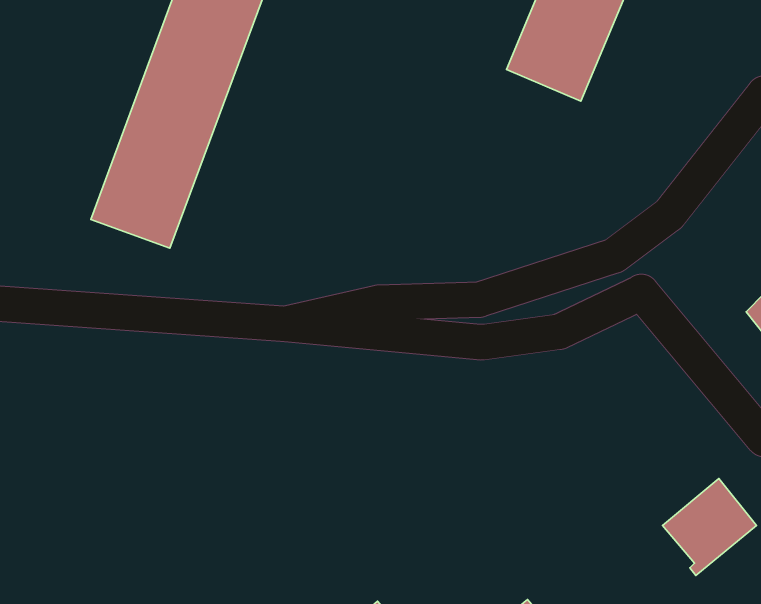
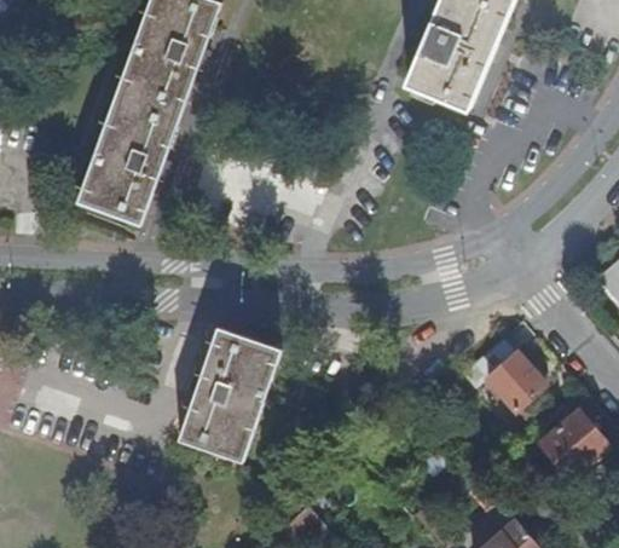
building: none -> [177,328,279,463]
building: none -> [472,340,544,413]

